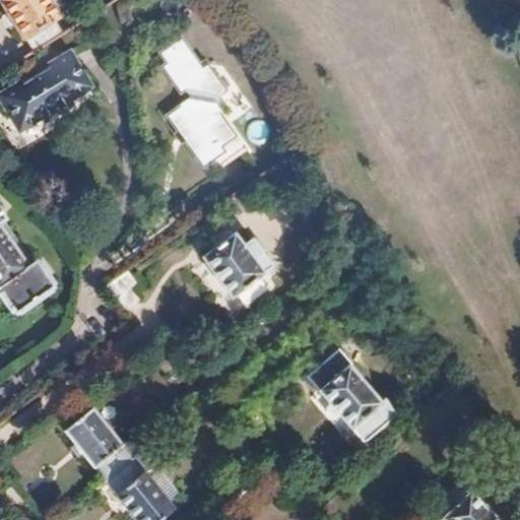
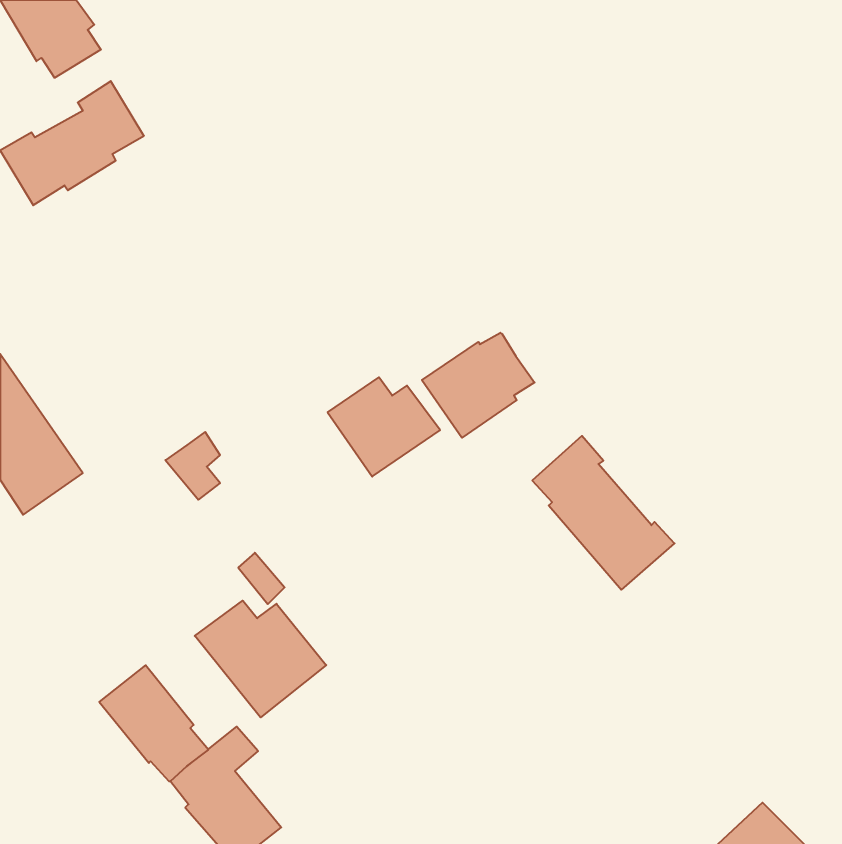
building: [159,37,236,162] -> none
building: none -> [422,333,535,438]
building: [311,347,398,442] -> [532,436,675,590]
building: none -> [195,601,326,717]

